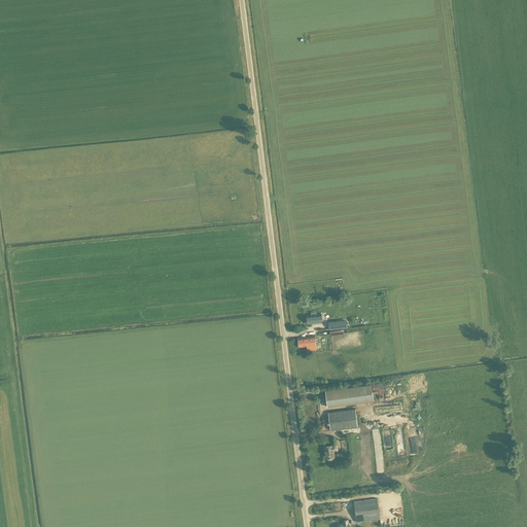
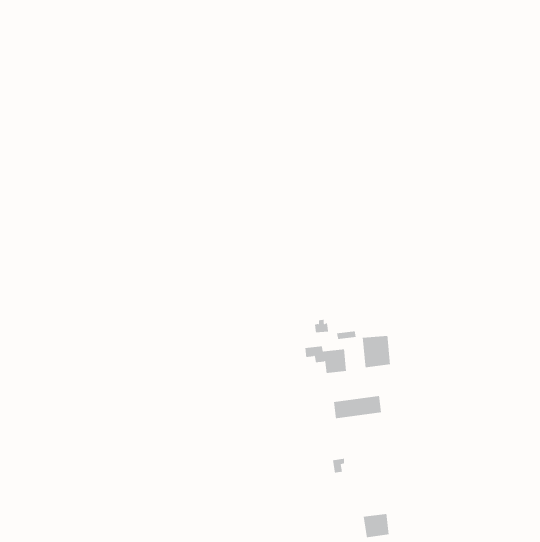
building: none -> [362,335,390,368]
building: [326,409,356,430] -> none

